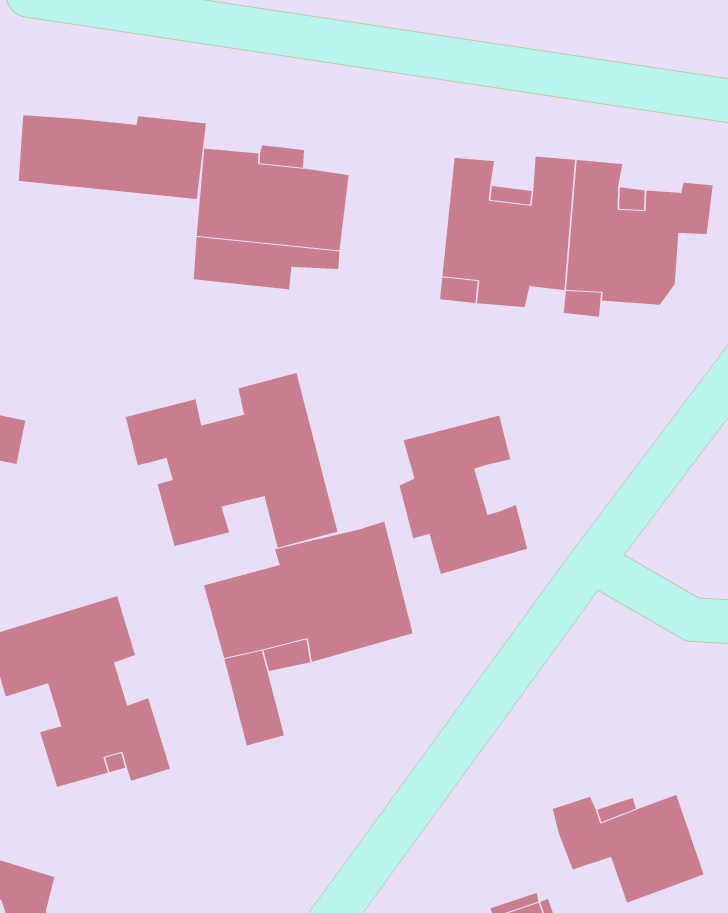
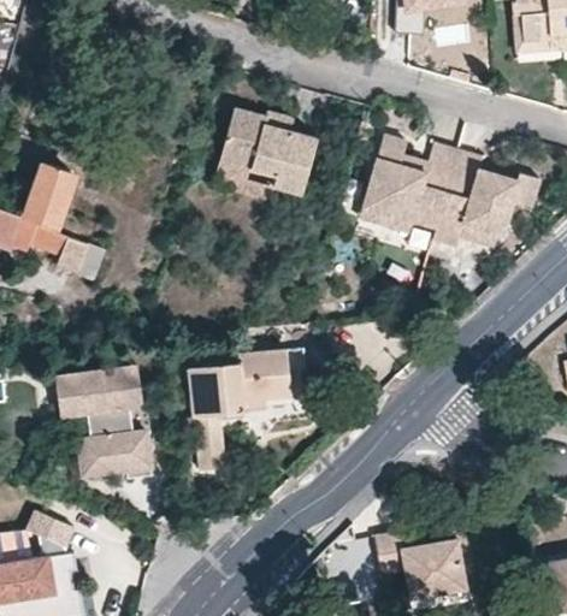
building: [18,115,207,200] -> none
building: [125,372,338,549] -> none
building: [399,415,528,575] -> none

